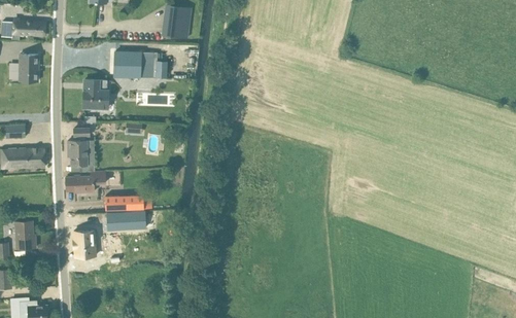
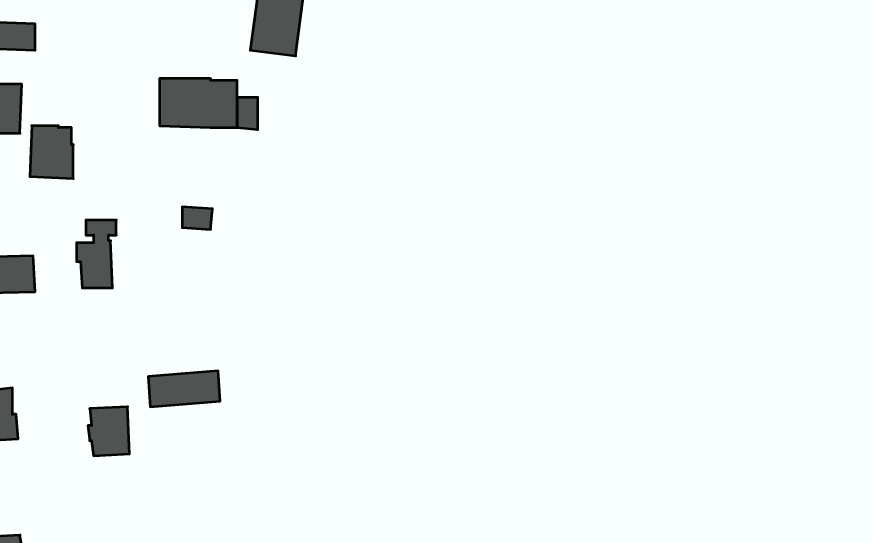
building: [83,80,107,109] -> [30,126,73,179]
building: [65,171,106,192] -> none
building: [105,195,144,211] -> none

